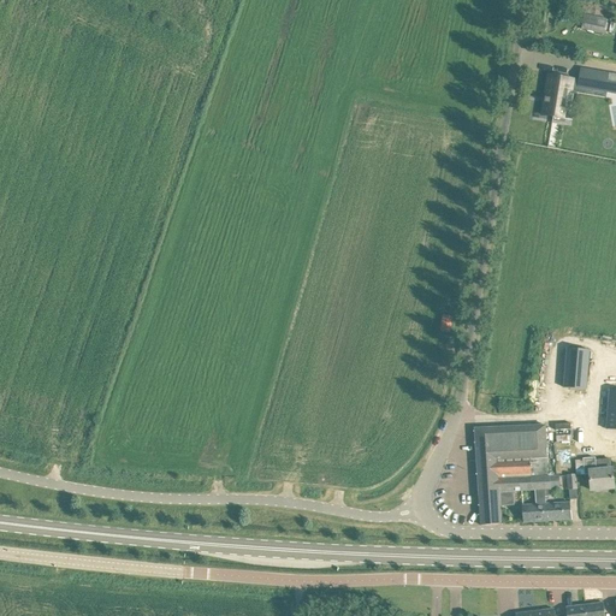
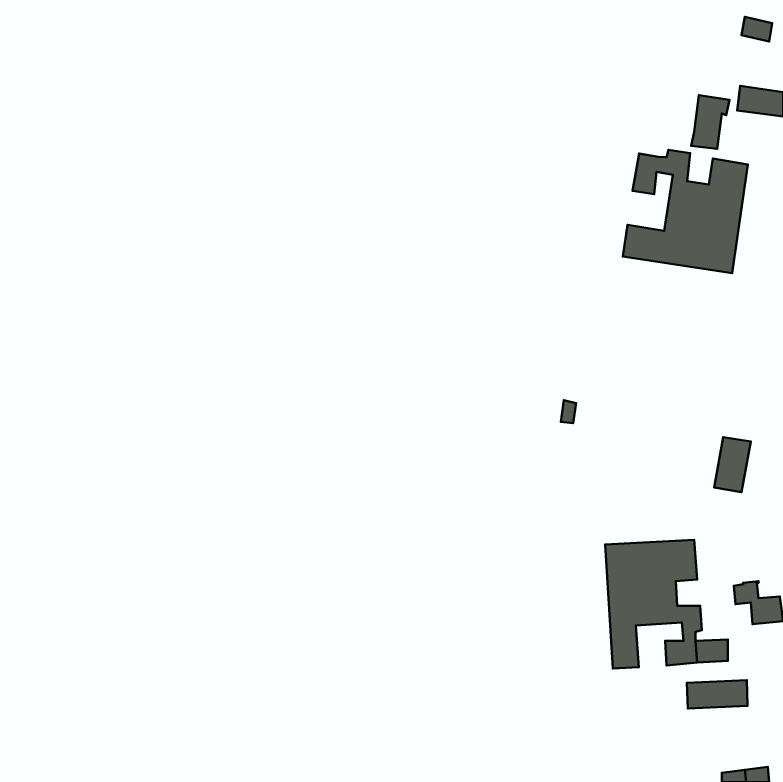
building: none -> [623,150,748,273]
building: none -> [687,680,748,709]

